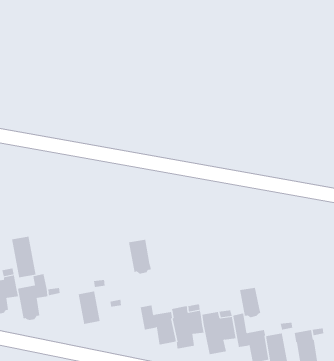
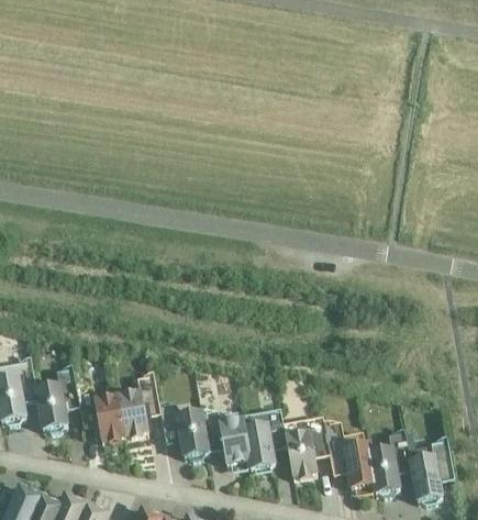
building: [12,236,36,278] -> none
building: [128,239,152,274] -> [176,412,208,460]
building: [240,287,261,318] -> none
building: none -> [93,397,124,441]

